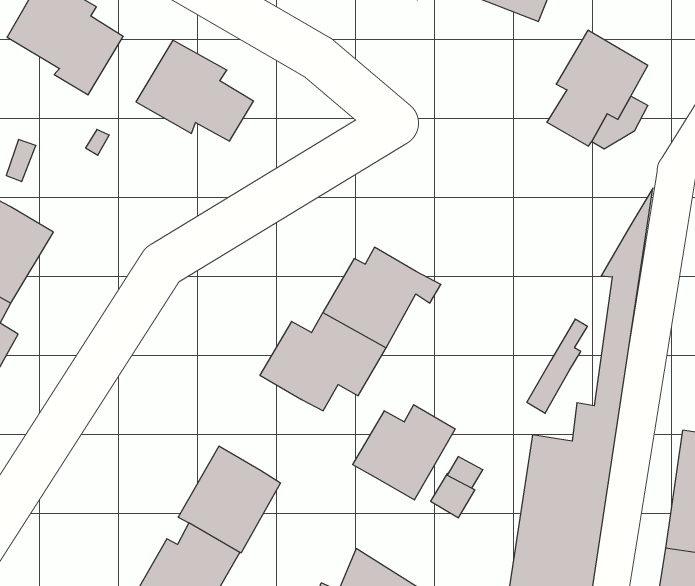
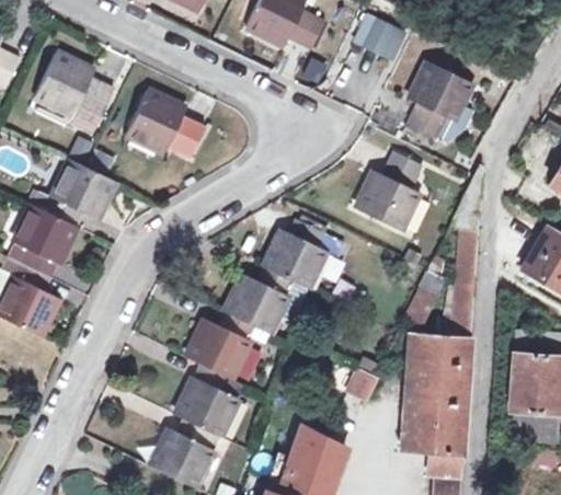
building: none -> [46,161,114,227]
building: none -> [357,151,423,231]
building: [353,405,455,500] -> [186,313,254,378]

